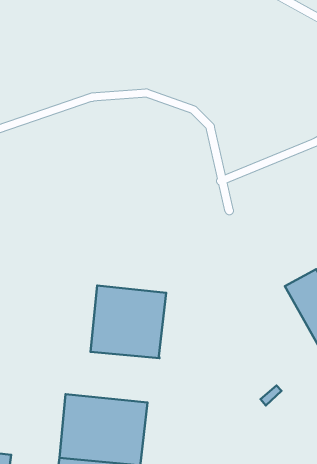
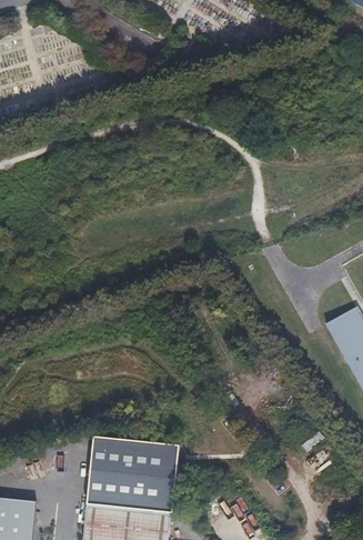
building: [90,286,166,358] -> none

